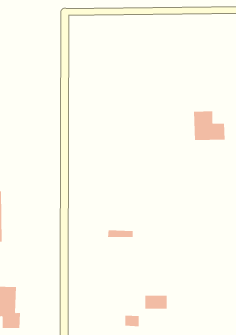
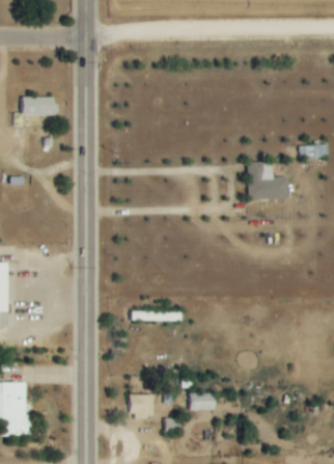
building: none -> [20,98,57,116]
building: none -> [132,395,154,418]

